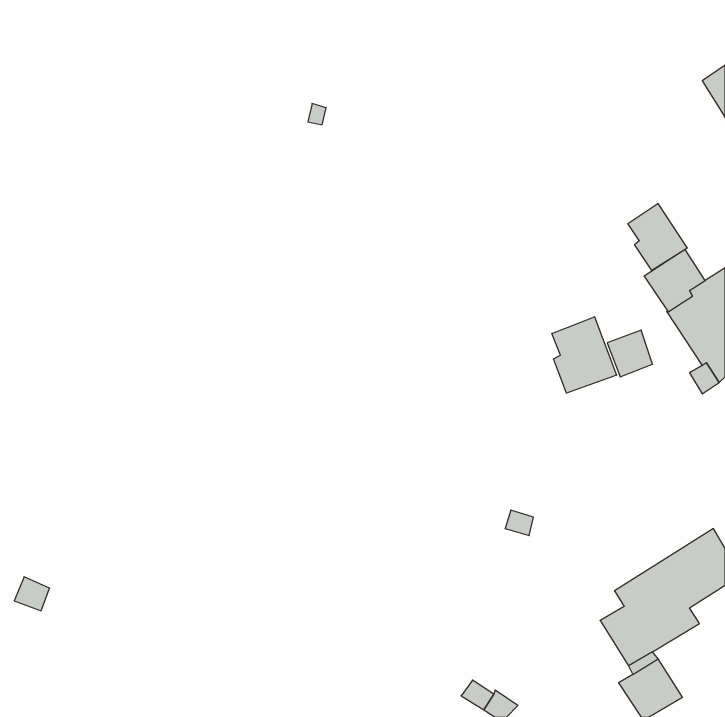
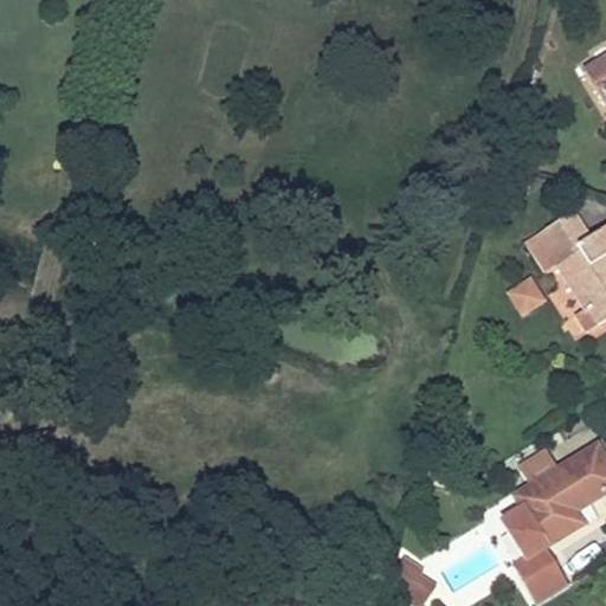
building: [628,203,687,270] -> none
building: [552,317,616,393] -> none

